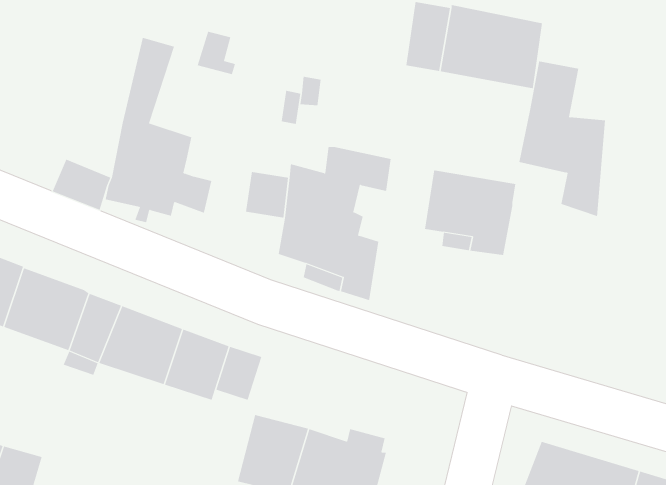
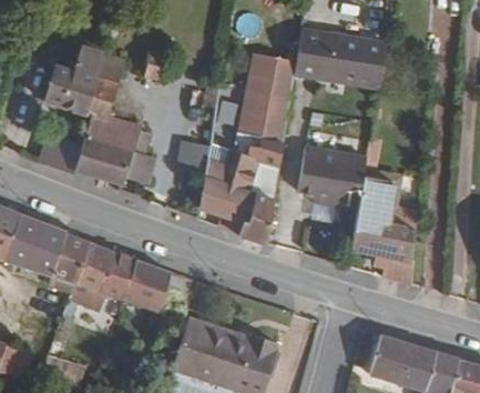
building: none -> [45,44,103,113]
building: none -> [239,65,290,139]
building: [518,61,606,217] -> [353,172,415,283]

